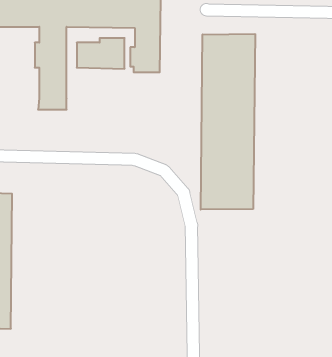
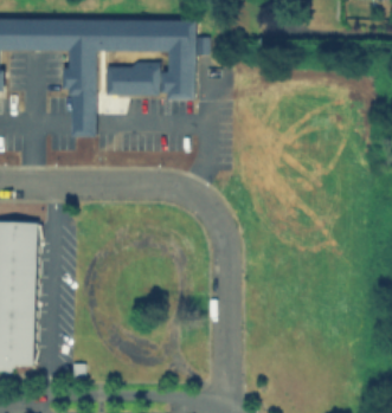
building: [201,34,255,210] -> none

